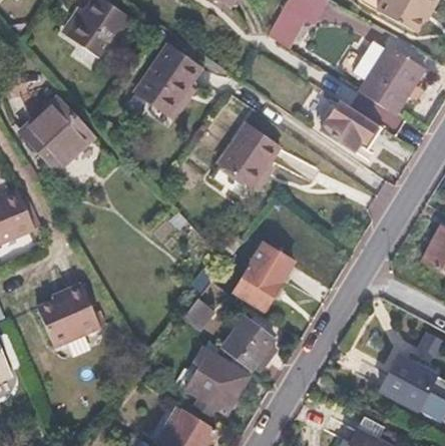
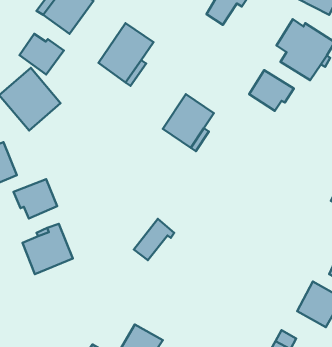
building: none -> [19,34,64,75]
building: none -> [14,179,57,218]
building: [232,242,300,314] -> none
building: [219,318,271,371] -> none
building: [188,351,254,418] -> none

